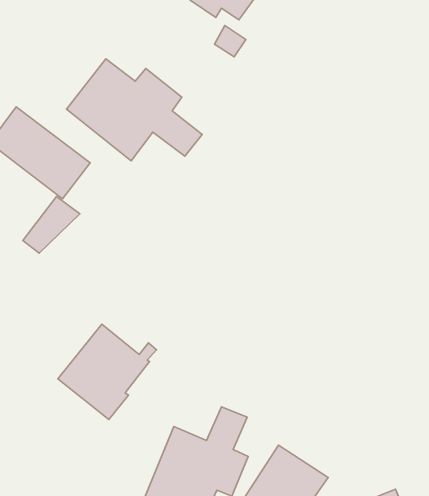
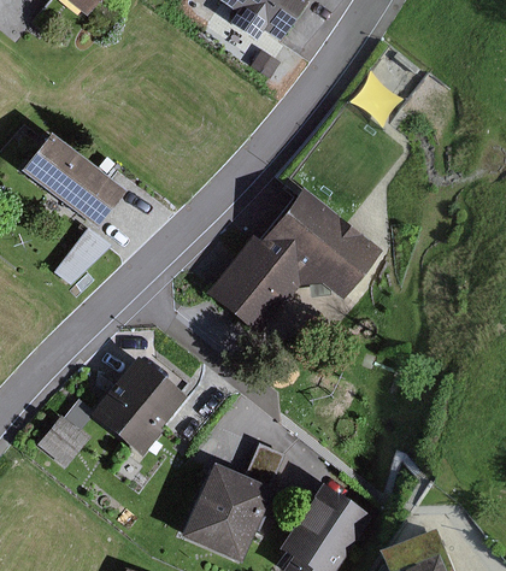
building: [66,59,202,161] -> none
building: none -> [206,188,380,336]
building: none -> [39,416,90,466]

